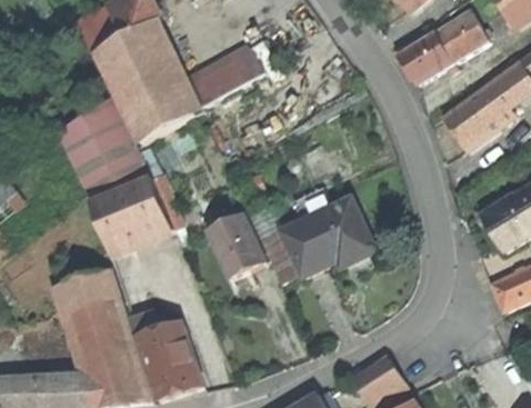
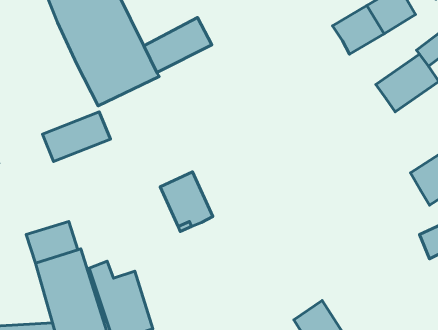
building: [62,94,141,171] -> none
building: [91,177,173,252] -> none
building: [280,197,374,275] -> none

